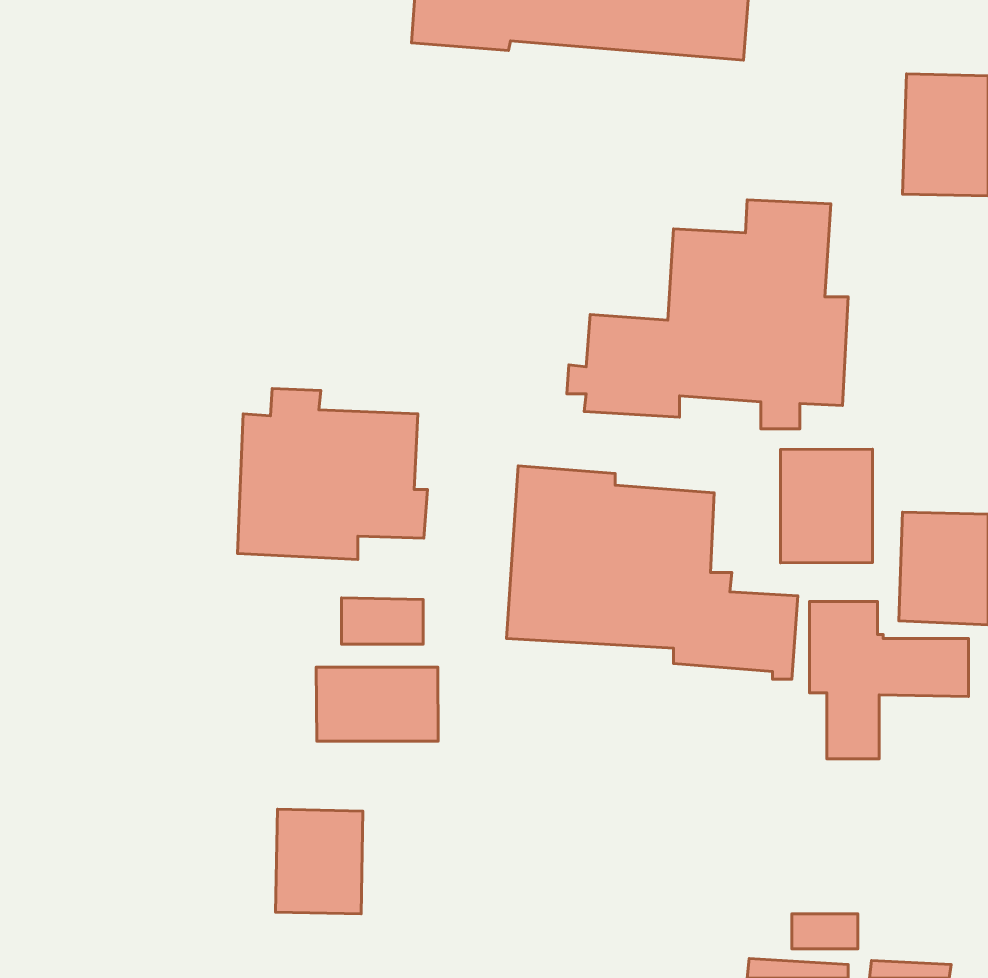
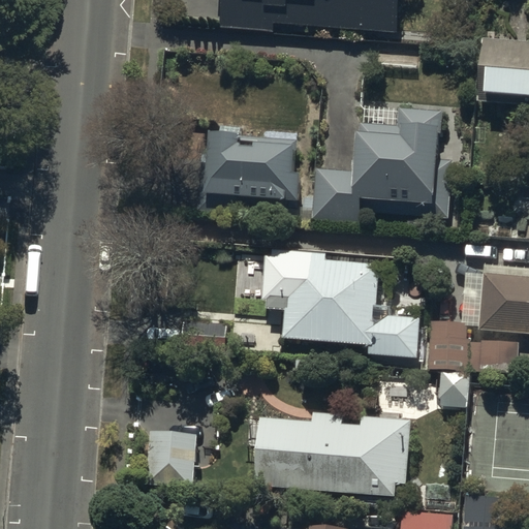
building: [237,389,428,559] -> [199,122,301,213]
building: [781,449,873,563] -> none
building: [316,667,438,741] -> none
building: none -> [256,411,410,496]

